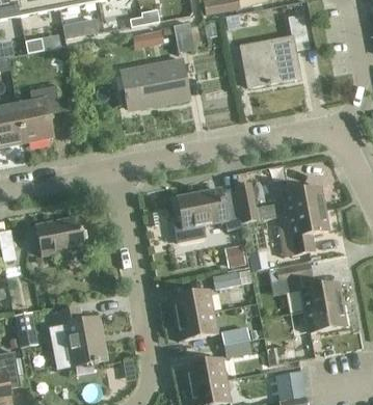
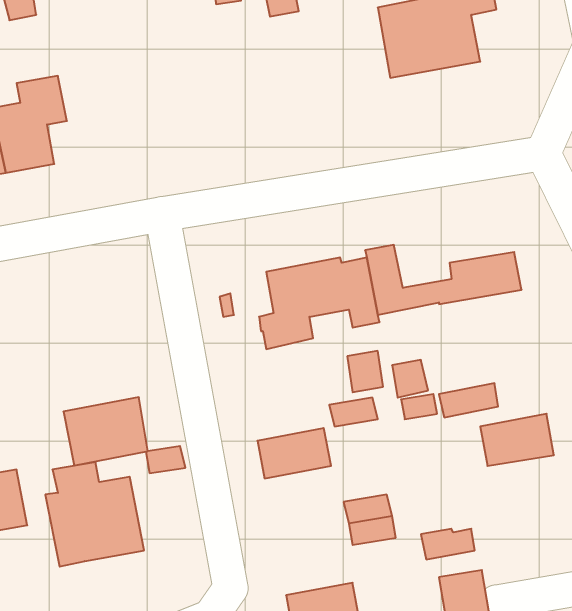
building: [123,60,188,105] -> none
building: [276,209,328,256] -> none
building: [35,216,84,255] -> [63,397,148,466]
building: [304,304,347,332] -> none
building: [176,311,218,340] -> none
building: [184,357,227,385] -> none

